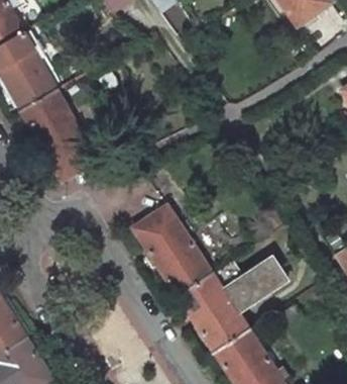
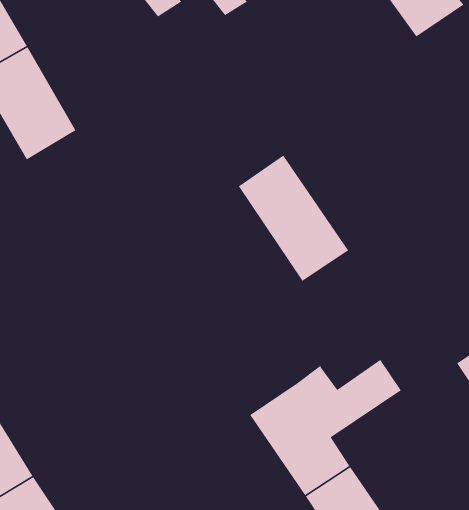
building: [20,93,95,183] -> none
building: [132,204,211,294] -> [238,155,349,282]

